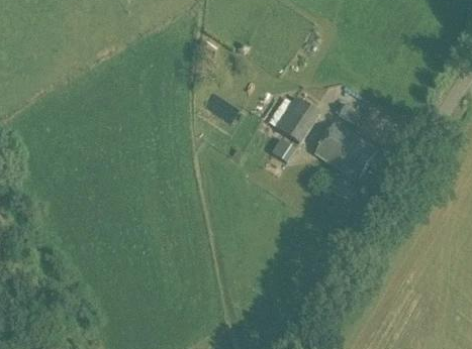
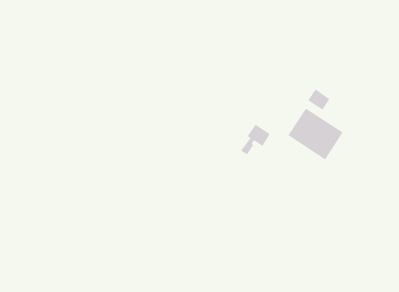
building: [272,95,319,142] -> none

